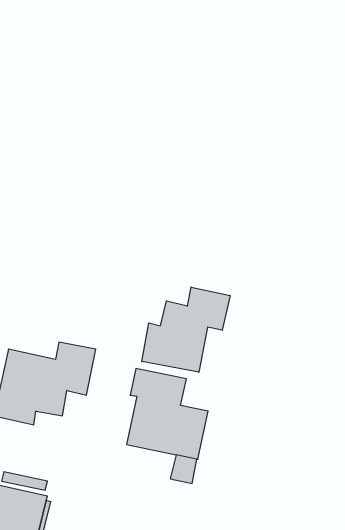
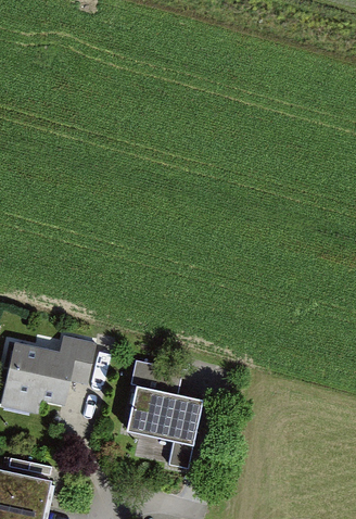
building: [142,287,230,372] -> none

